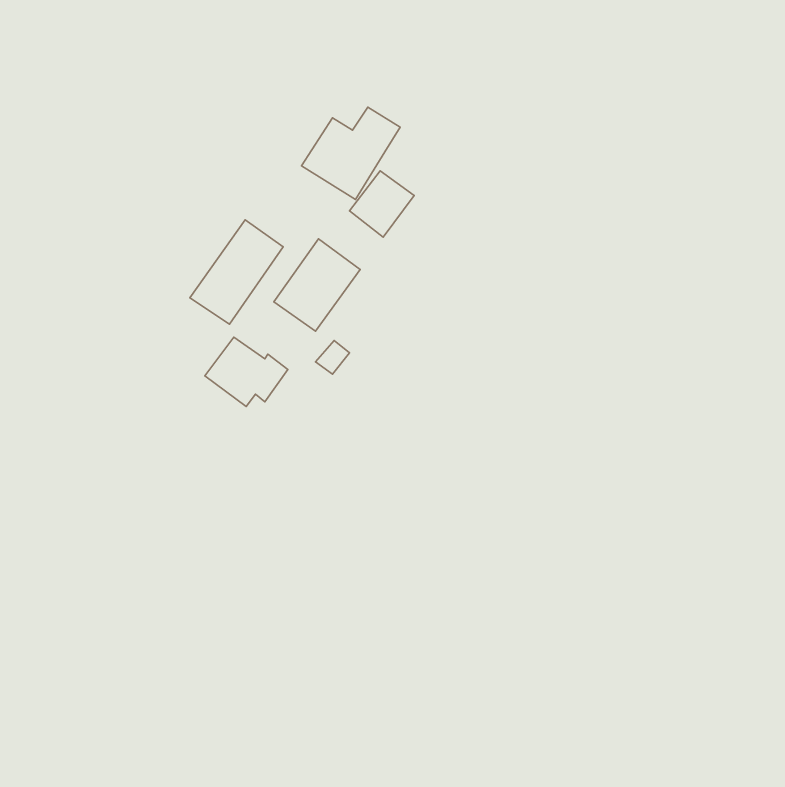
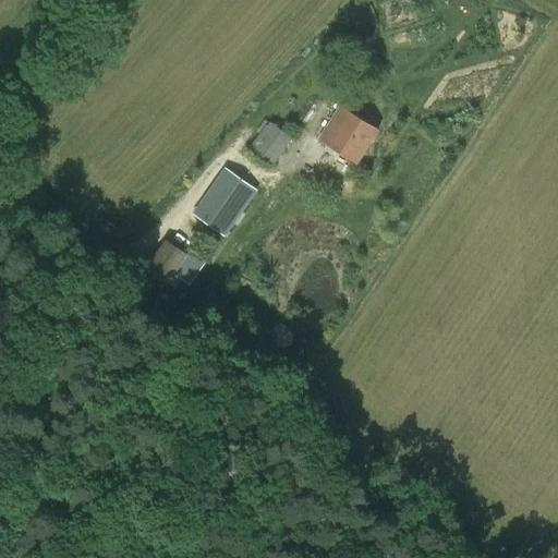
building: [302,107,400,200] -> [318,99,388,165]
building: [190,220,283,324] -> none

